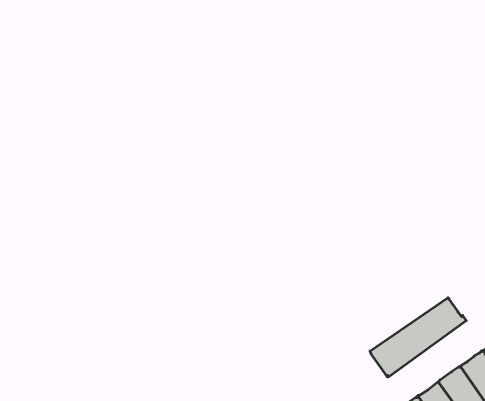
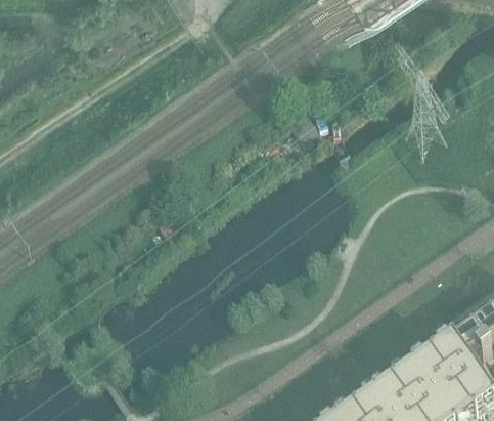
building: [370,298,466,377] -> none

